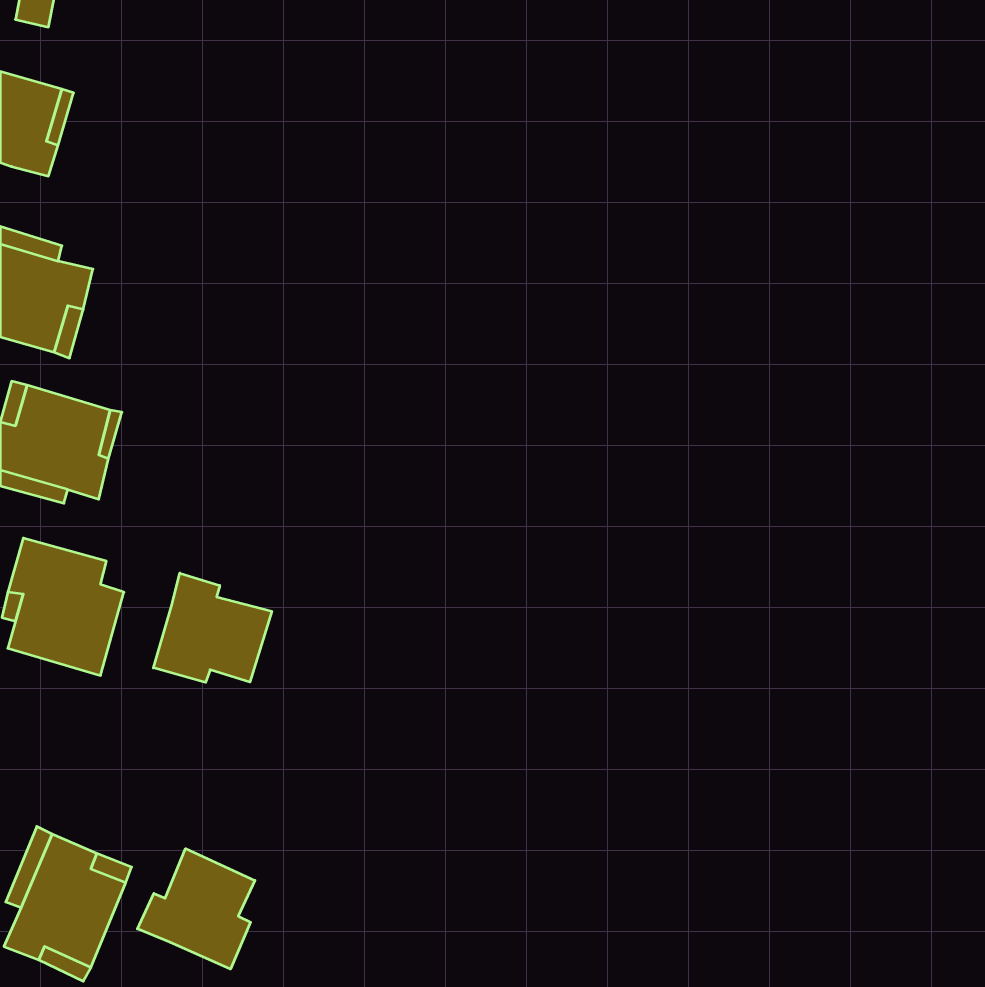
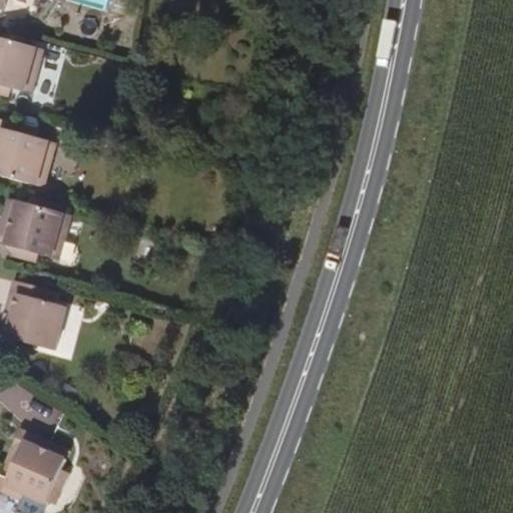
building: [153,573,272,682] -> none
building: [137,849,255,969] -> none

